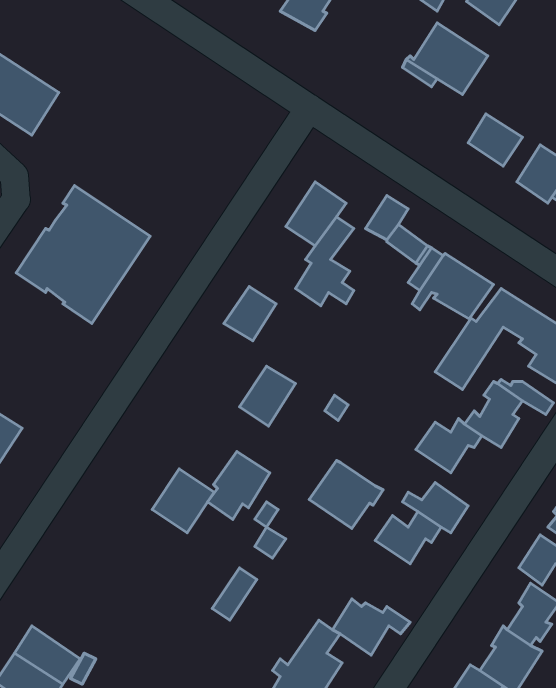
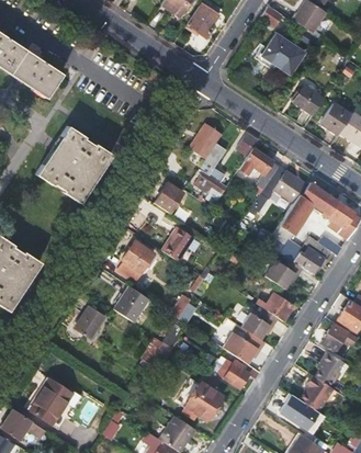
building: [208,451,270,519] -> [120,241,155,280]
building: [309,461,383,528] -> [223,326,264,364]
building: none -> [75,306,106,340]

